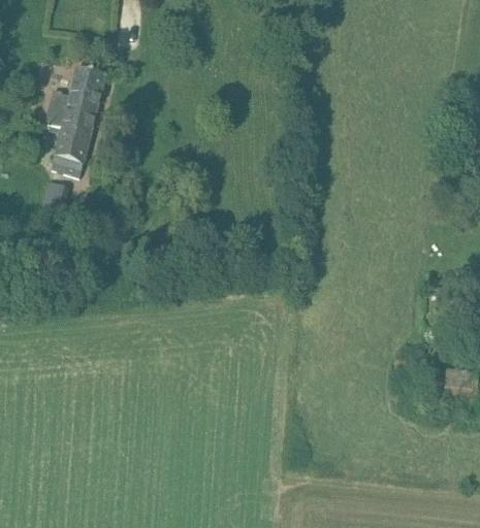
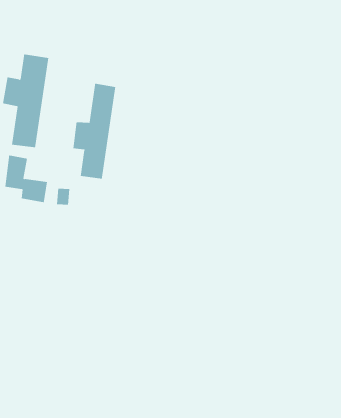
building: none -> [73,83,116,179]

